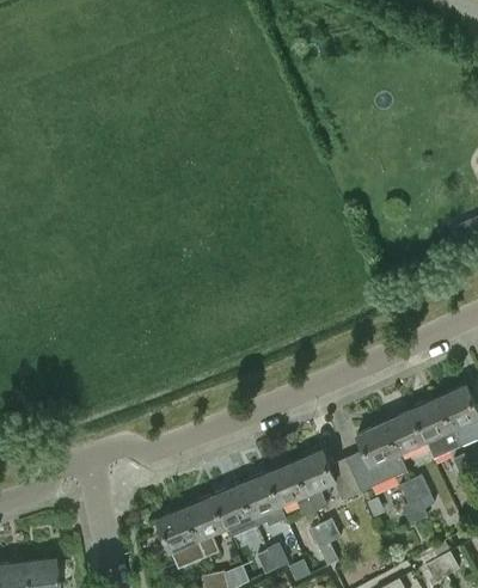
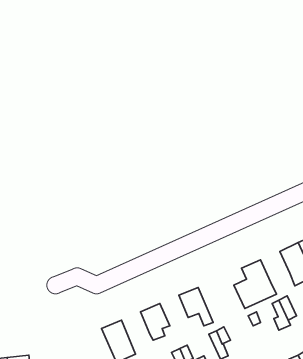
building: [385,410,427,453] -> none
building: [295,449,362,512] -> none
building: [240,472,281,516] -> none
building: [185,496,226,557] -> none

